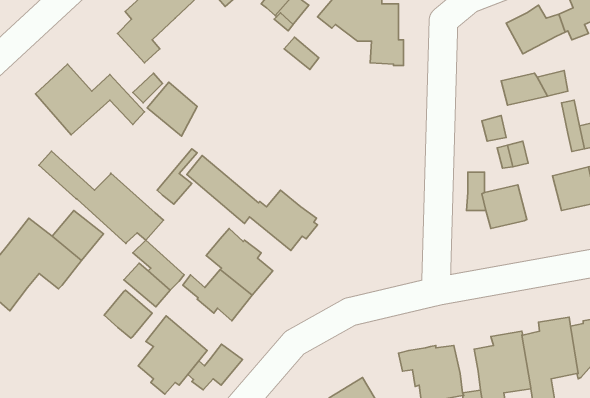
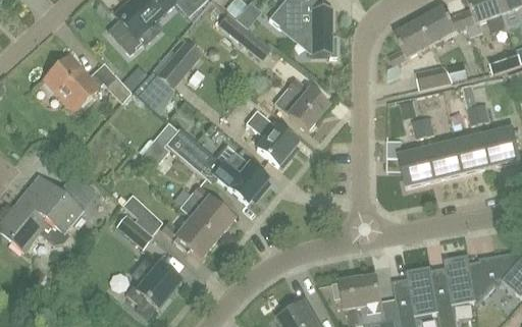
building: none -> [386,22,431,81]
building: none -> [153,40,202,89]
building: none -> [274,79,327,130]
building: none -> [245,110,296,166]
building: [39,151,164,244] -> none
building: none -> [427,144,462,178]
building: [104,290,152,338] -> none
building: [188,344,242,390] -> none

